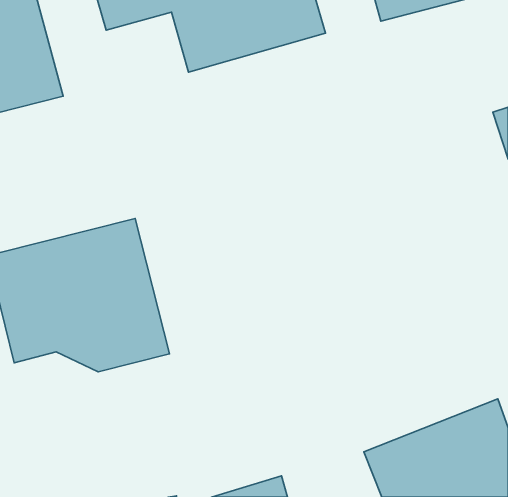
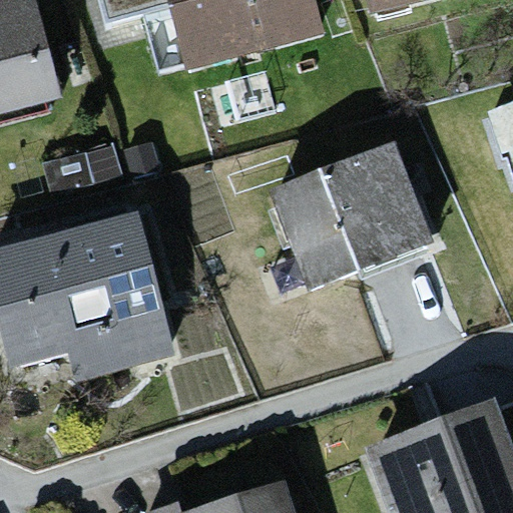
building: none -> [267,141,432,291]

